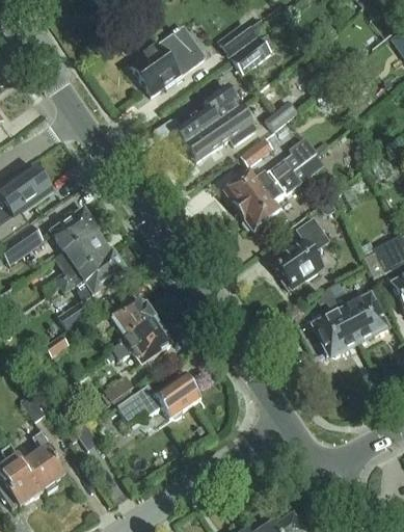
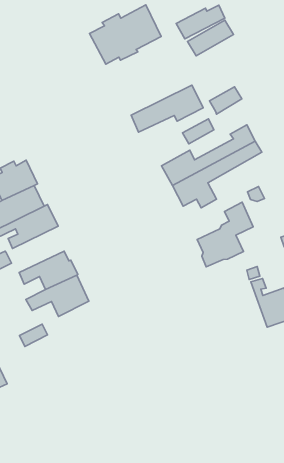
building: [173,81,243,143] -> none
building: [317,297,359,356] -> none
building: [117,371,200,420] -> none

